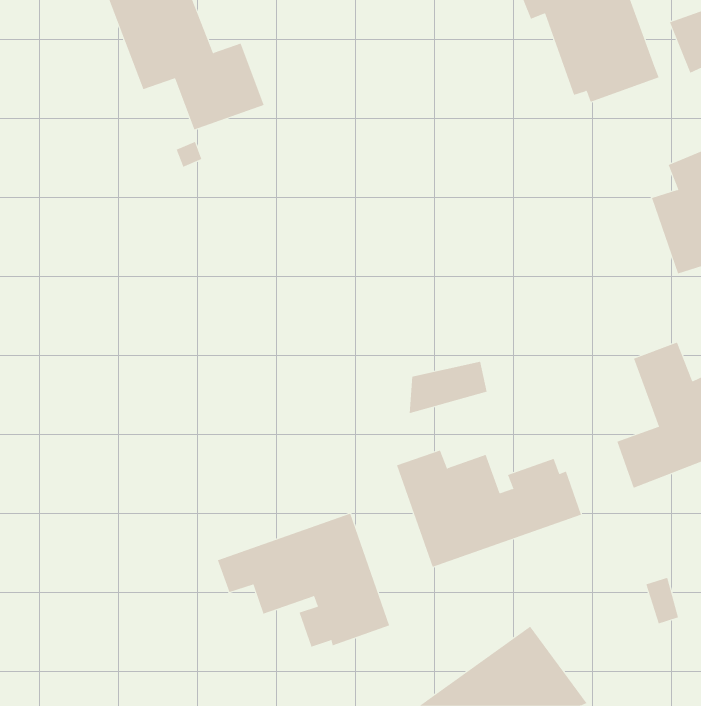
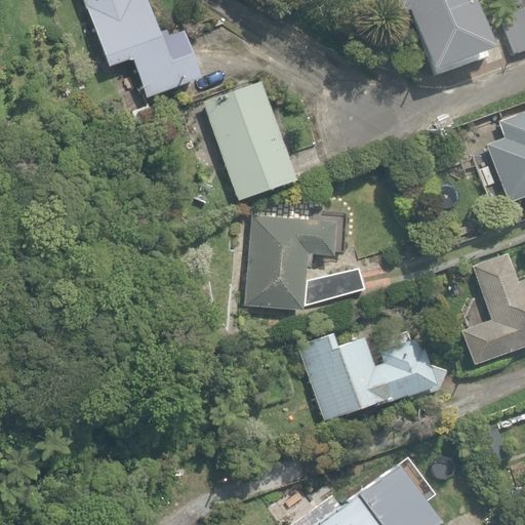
building: none -> [205,81,296,200]
building: none -> [246,215,335,310]
building: [217,513,390,648] -> none

